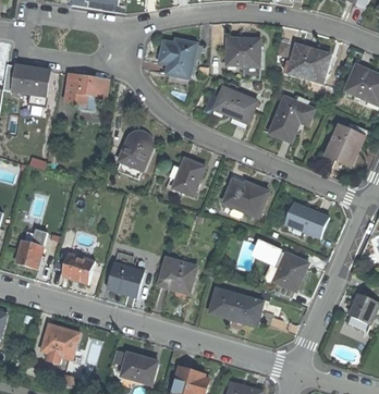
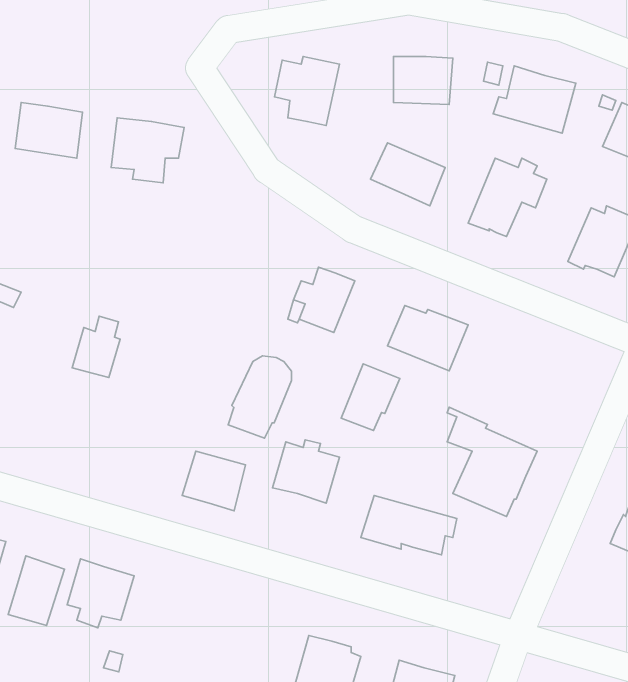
building: [115,131,151,177] -> [228,356,291,438]
building: [283,200,328,237] -> none
building: none -> [341,364,400,431]
building: [15,233,42,268] -> [72,316,120,377]
building: [61,254,93,282] -> none
building: none -> [8,556,64,625]
building: [120,352,157,384] -> none

